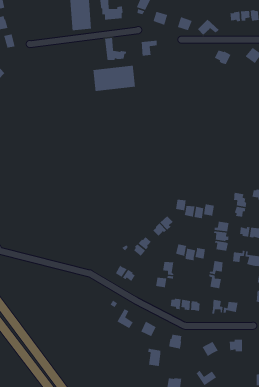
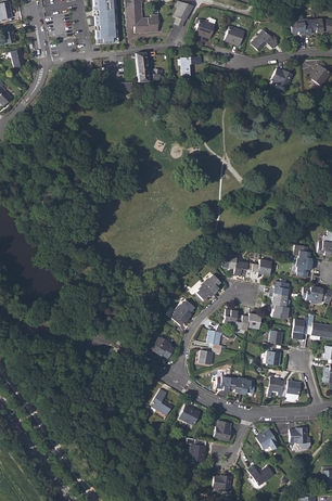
building: [92,65,136,92] -> none

